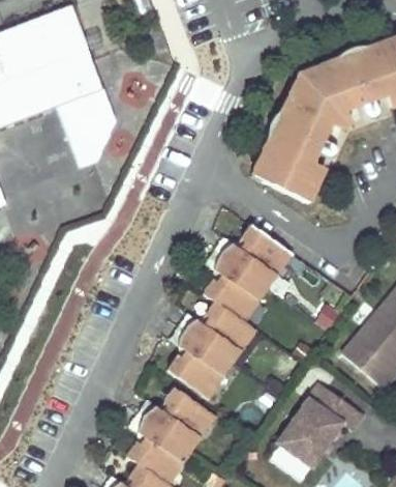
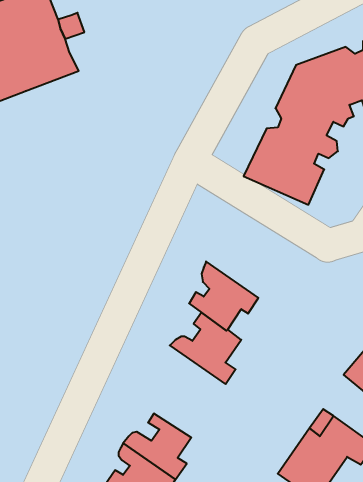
building: [53,80,116,166] -> none
building: [217,225,284,287] -> none
building: [169,331,235,391] -> none

